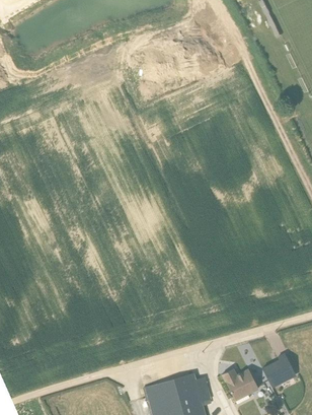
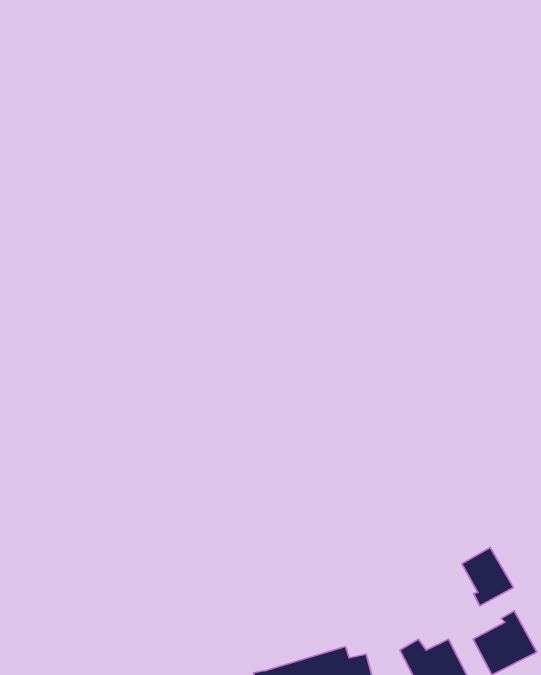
building: none -> [462,548,514,606]

